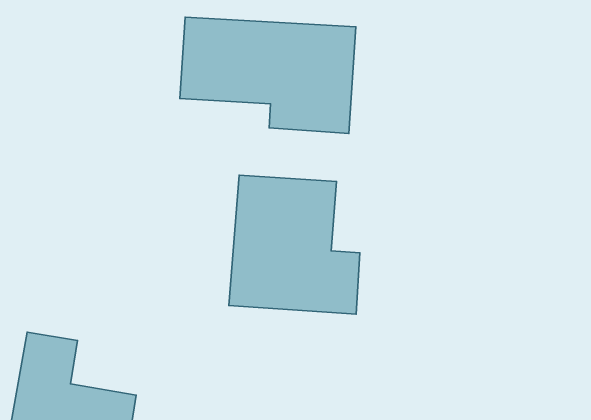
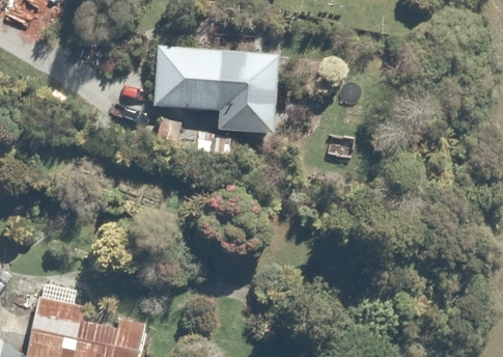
building: [229,175,360,314] -> none

